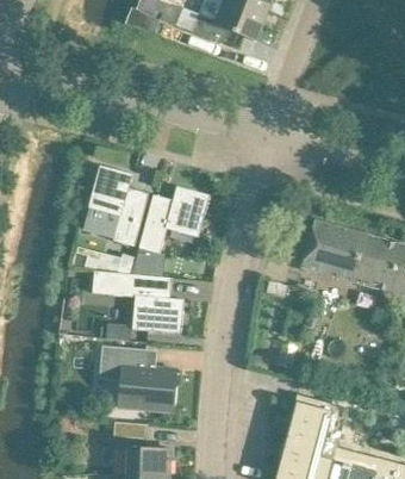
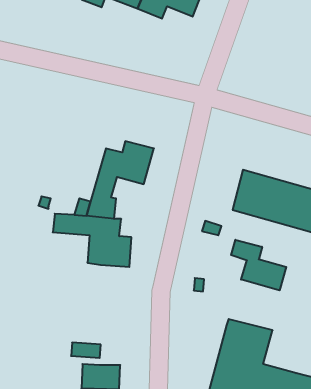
building: [86,166,149,247] -> none
building: none -> [231,240,286,290]
building: [99,346,176,412] -> none

